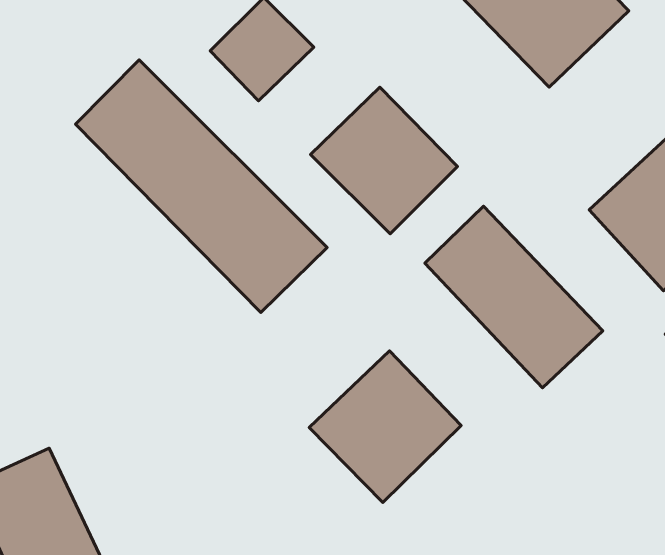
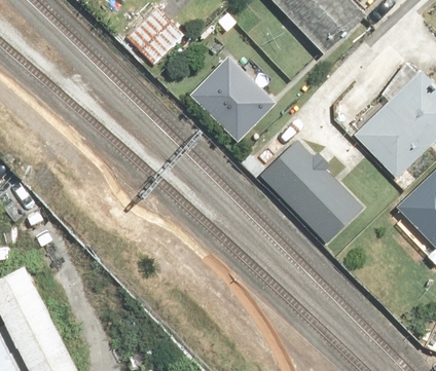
building: [75,60,327,313] -> none
building: [309,351,461,503] -> none

